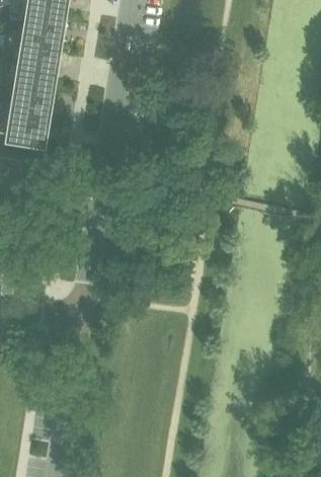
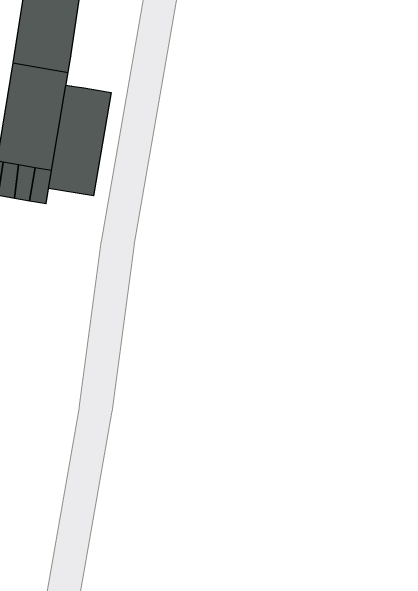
building: none -> [49,85,111,196]

